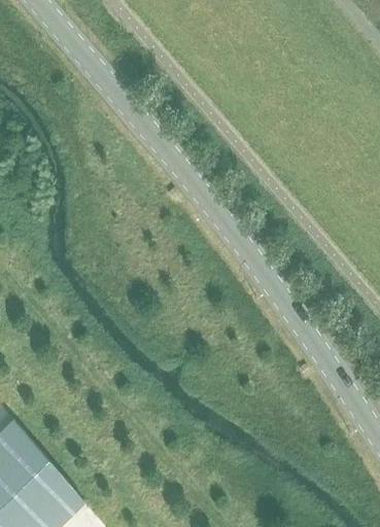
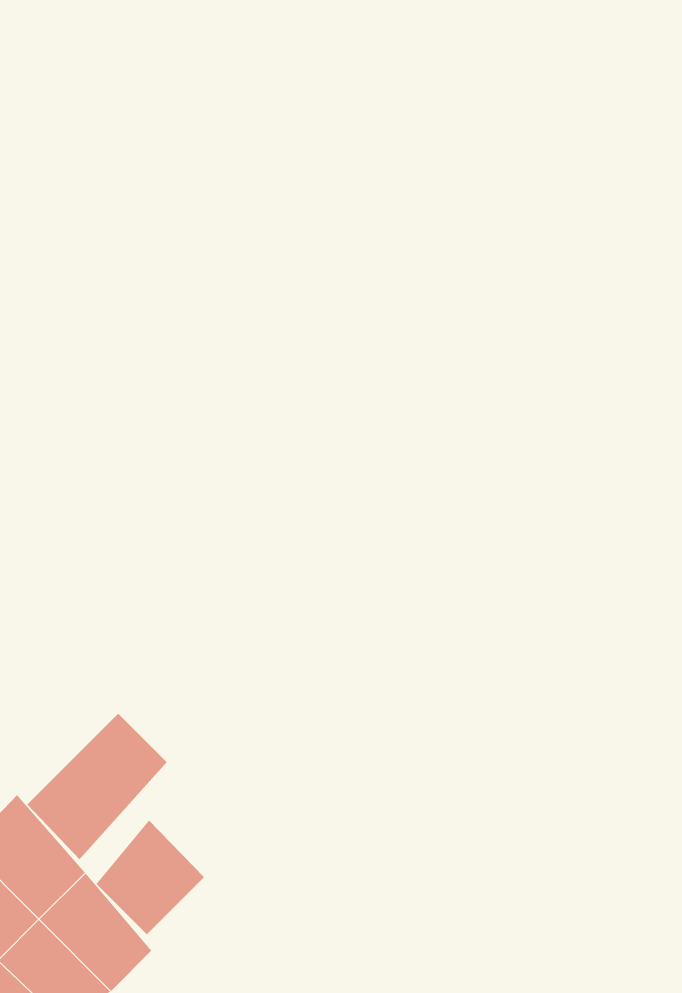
building: none -> [26,713,167,860]
building: none -> [95,820,205,935]

